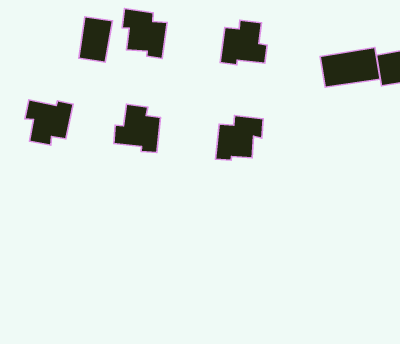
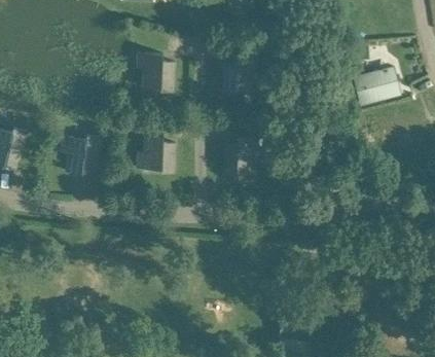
building: [79,17,112,62] -> none
building: [320,47,380,87] -> none

